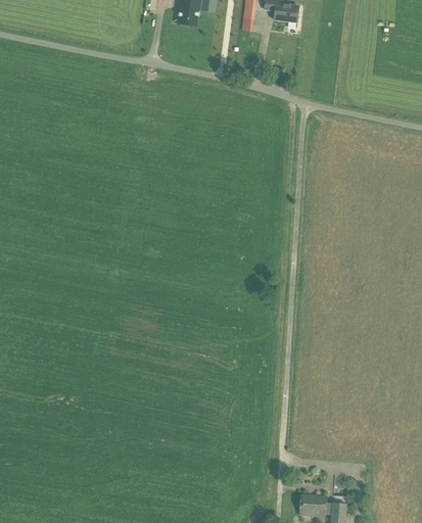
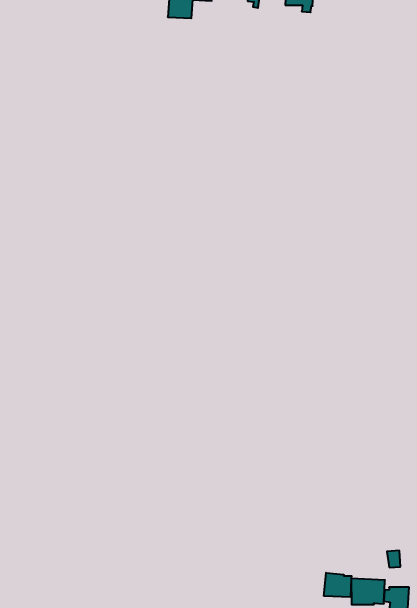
building: none -> [324,573,352,597]

